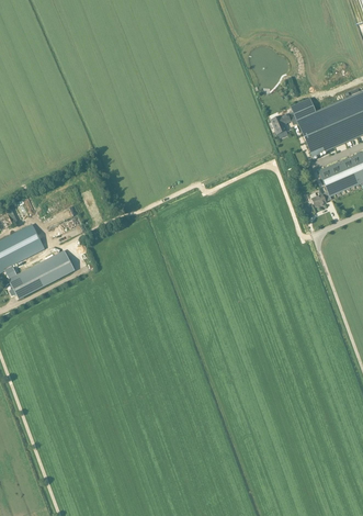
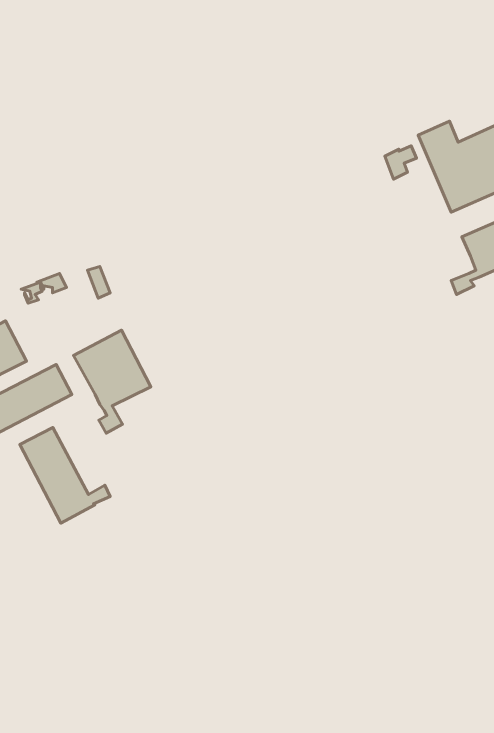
building: none -> [73,330,151,433]
building: none -> [20,428,110,523]

